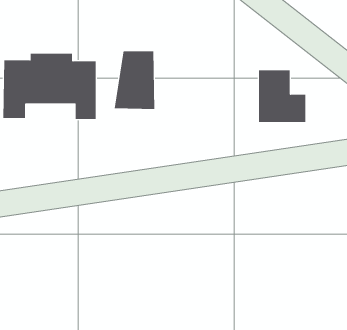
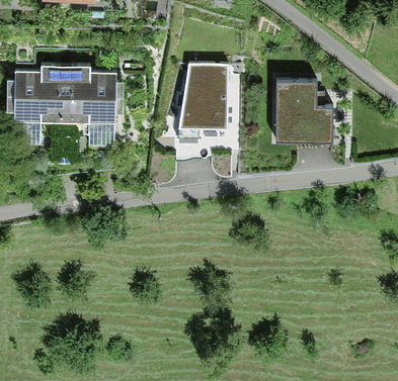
building: [114,51,155,109] -> [182,67,225,127]

